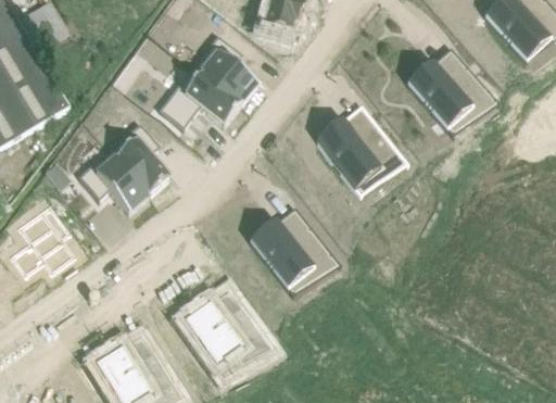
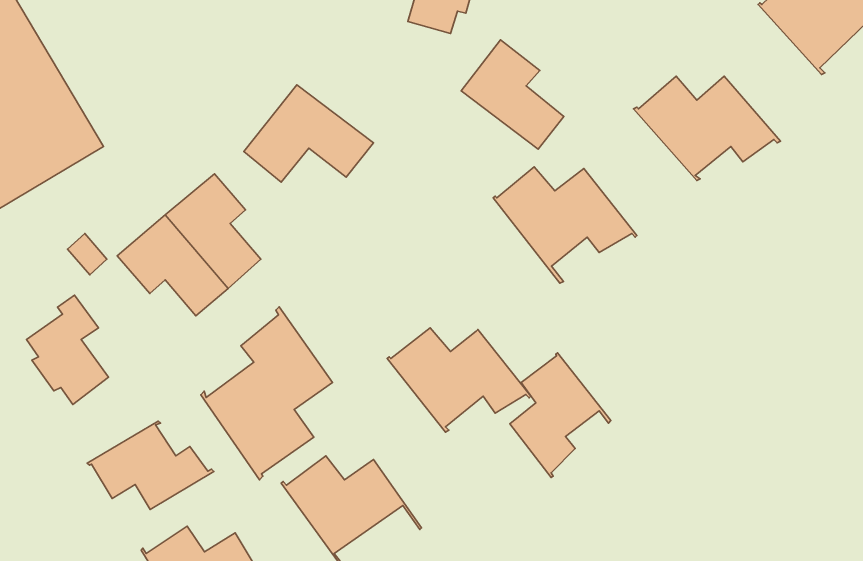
building: [191,34,256,103] -> [461,40,564,149]
building: none -> [201,307,332,480]
building: none -> [510,353,611,477]
building: none -> [87,421,214,510]

